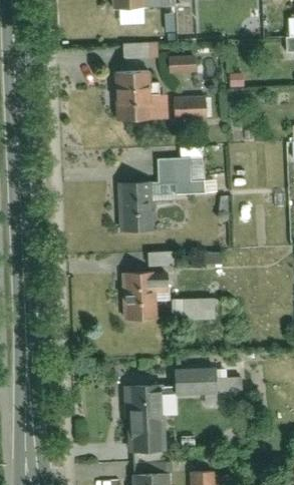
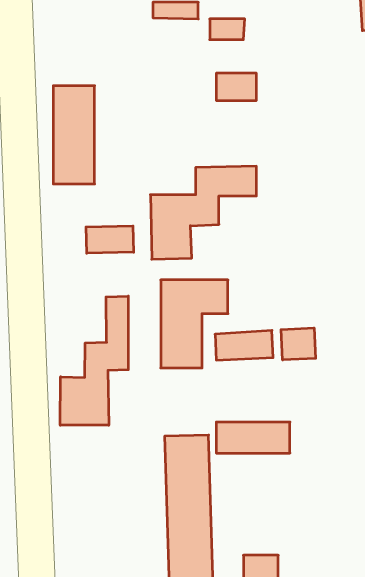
building: [120,55,153,131] -> [53,86,95,184]
building: none -> [86,226,134,253]
building: none -> [60,296,128,425]
building: none -> [281,328,316,360]

